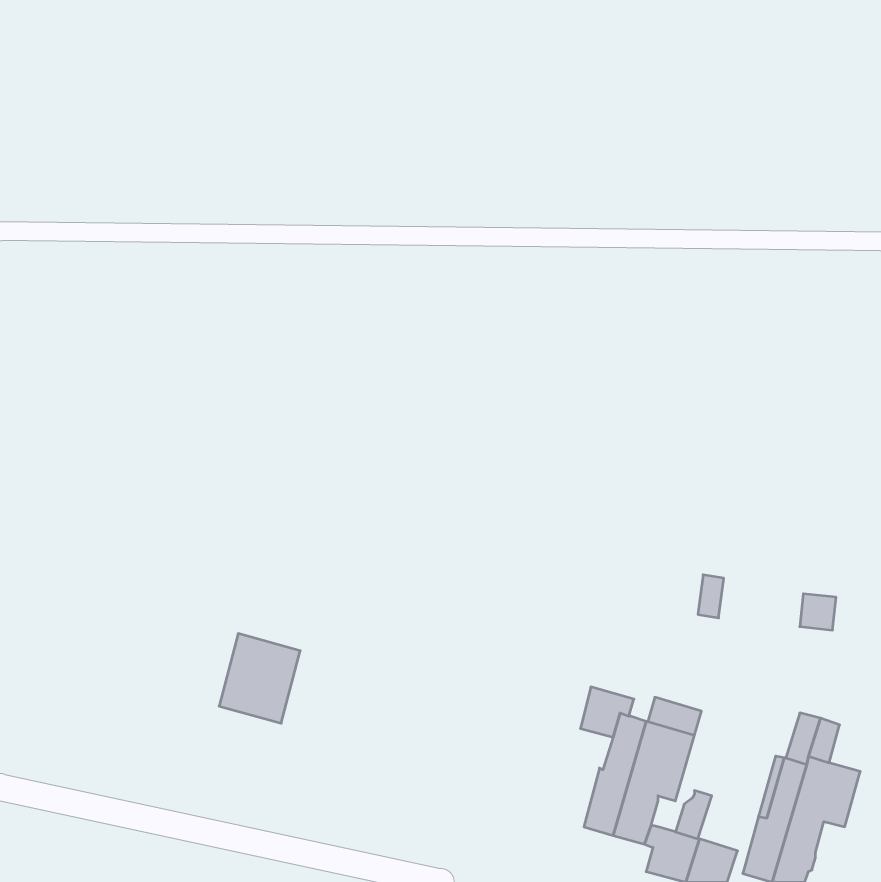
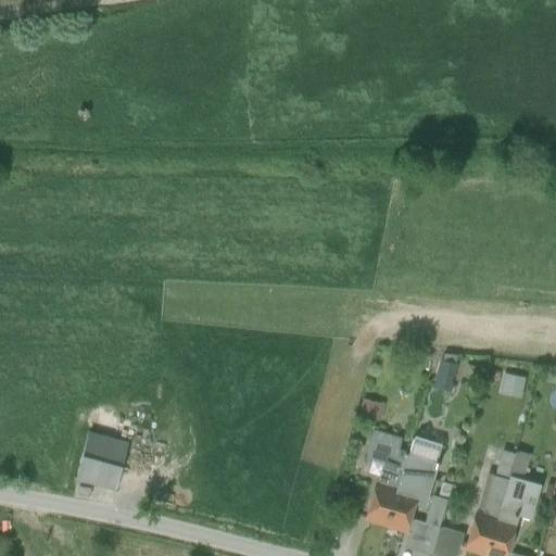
building: [219,634,300,723] -> [77,434,128,491]

